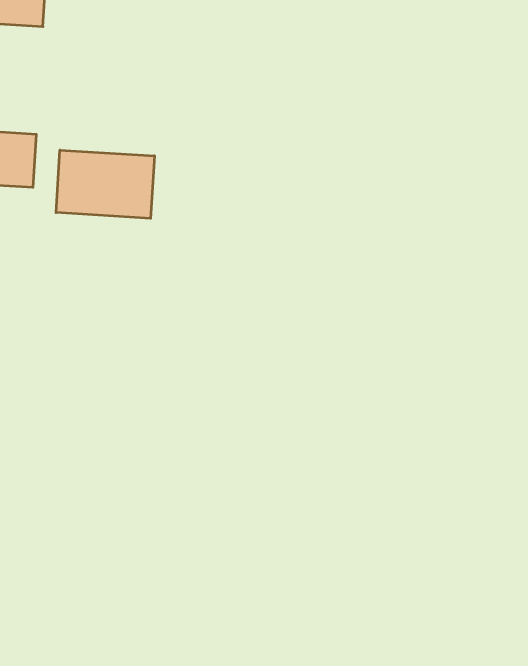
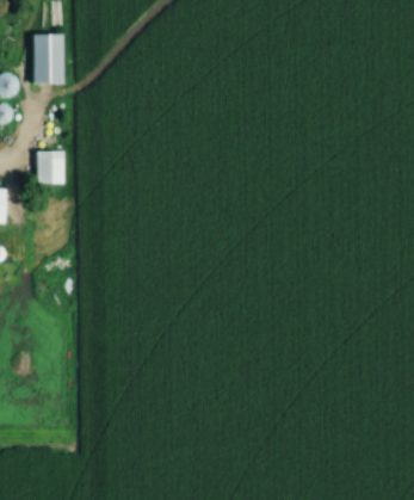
building: [56,150,154,218] -> none

